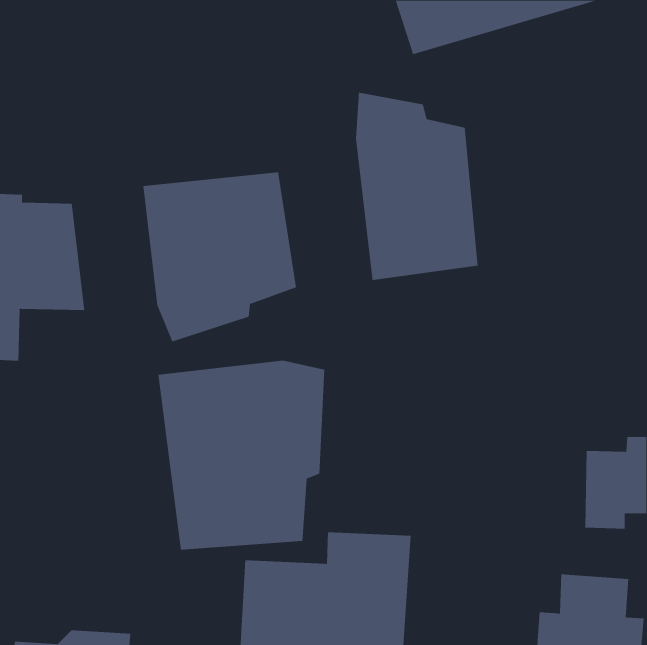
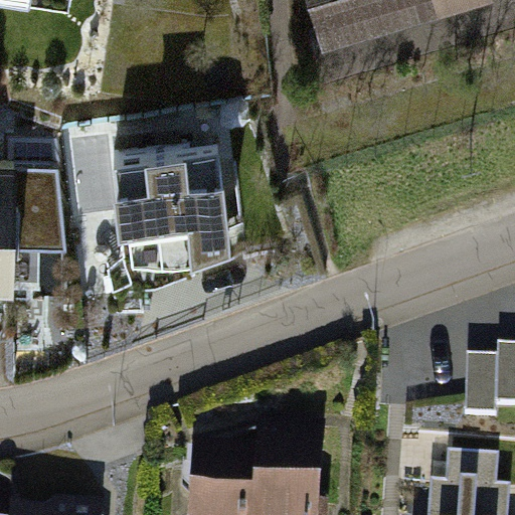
building: [355,92,478,281] -> none
building: [158,360,325,550] -> none

